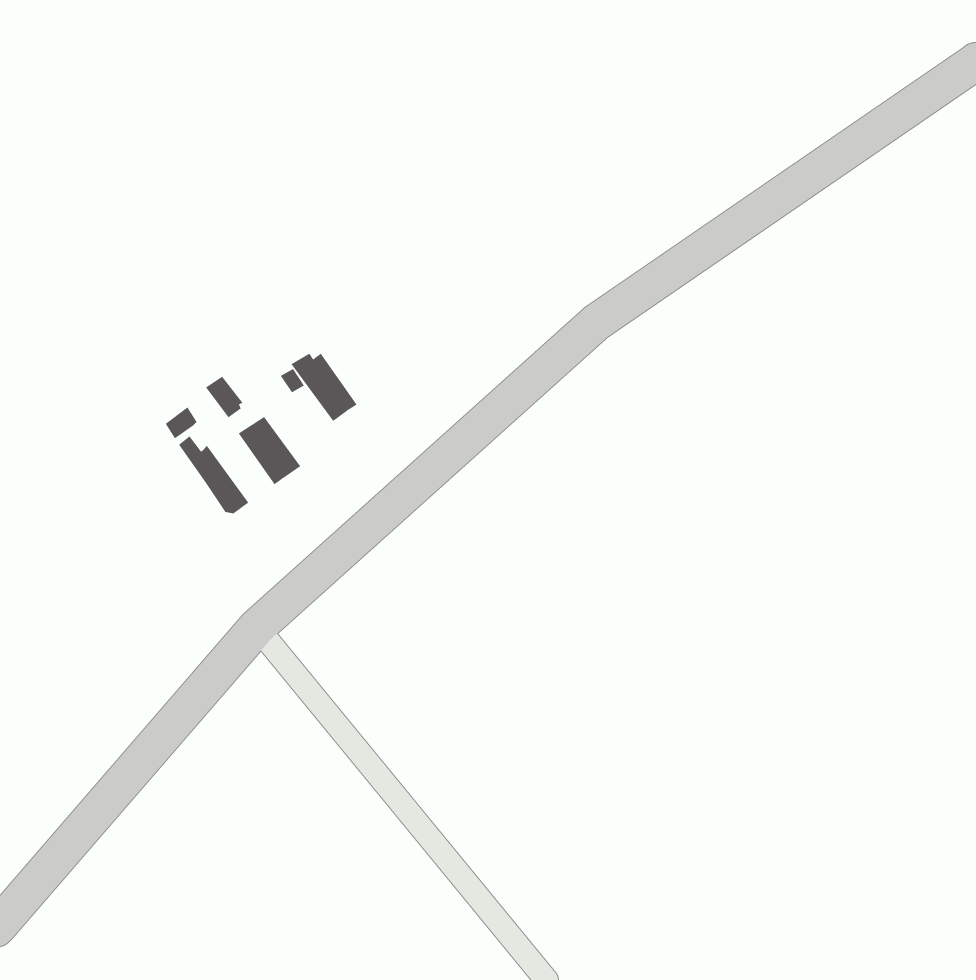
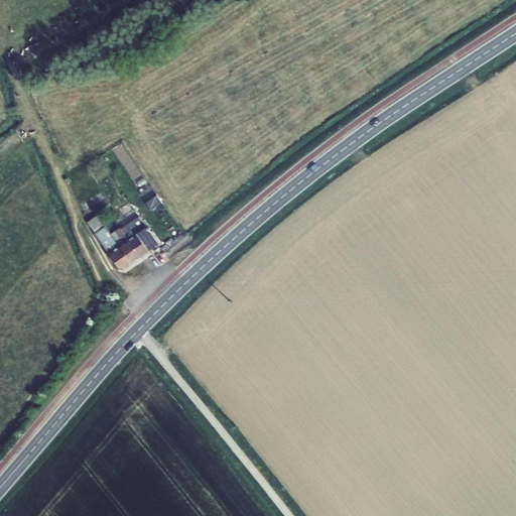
building: [291,353,358,422] -> [109,228,144,264]

